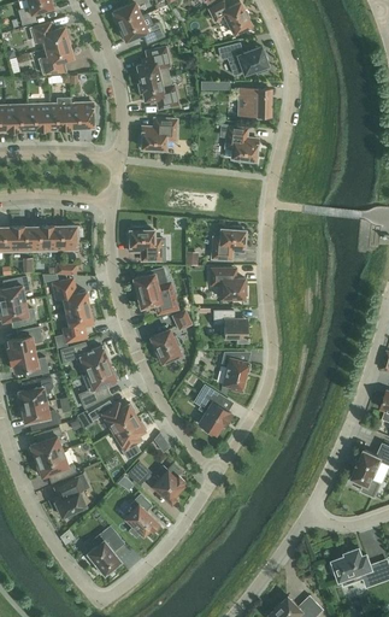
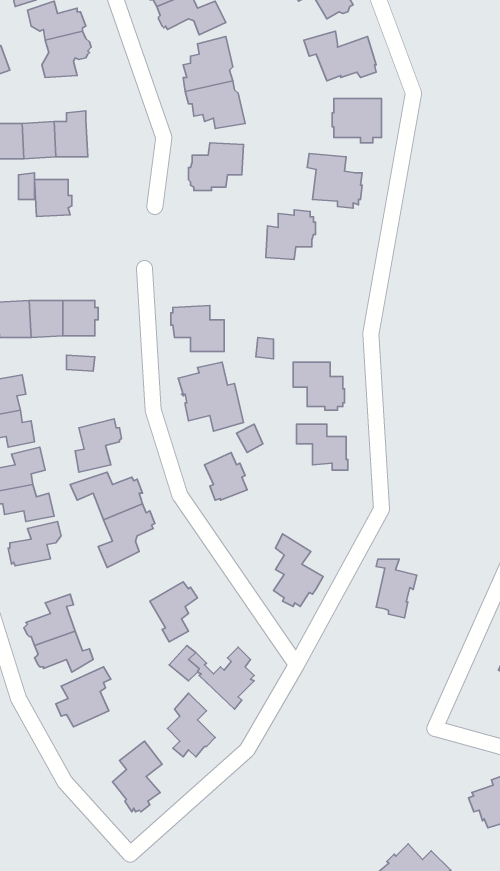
building: [70,102,95,128] -> [35,179,72,217]
building: [212,225,246,259] -> [266,210,315,259]
building: [52,280,89,312] -> none
building: [223,352,251,392] -> [376,559,417,618]
building: [88,400,136,430] -> none
building: [19,401,60,428] -> none

